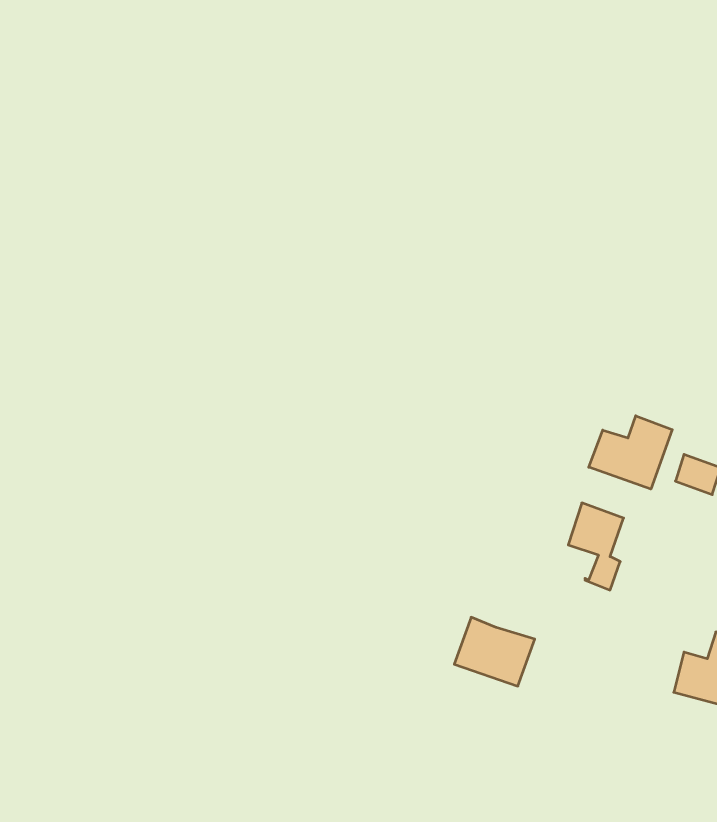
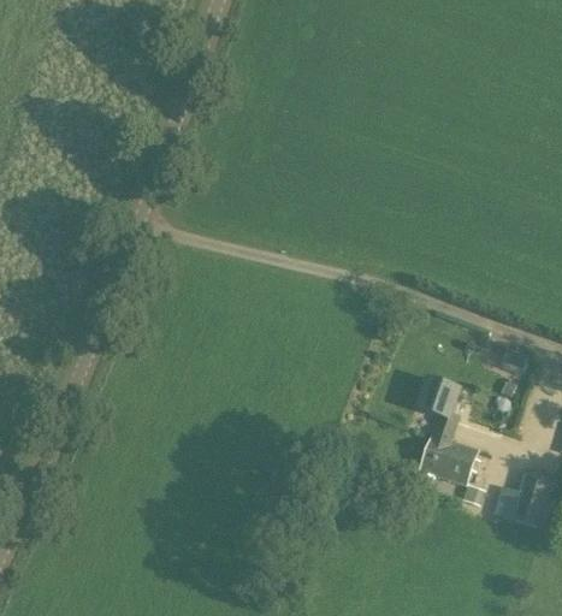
building: [589,416,672,489] -> none
building: [454,617,535,686] -> [421,436,479,485]

